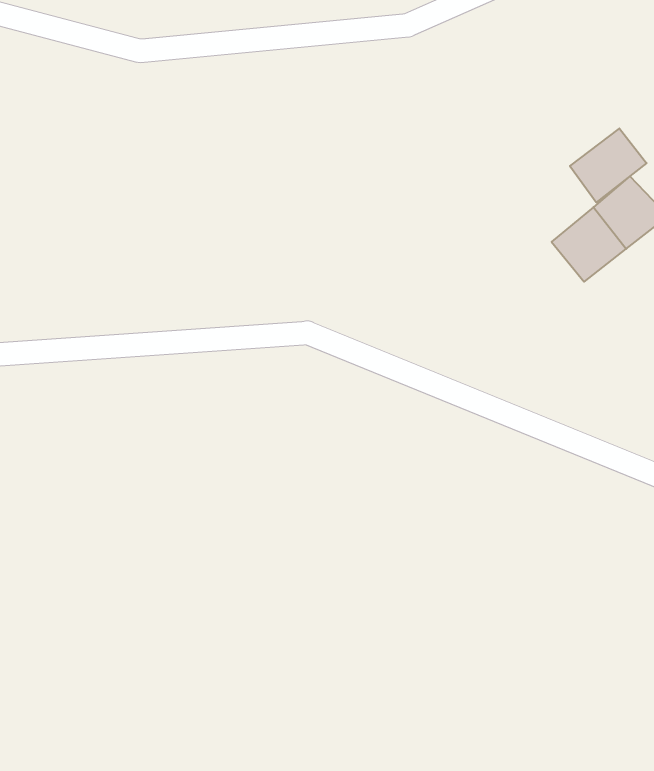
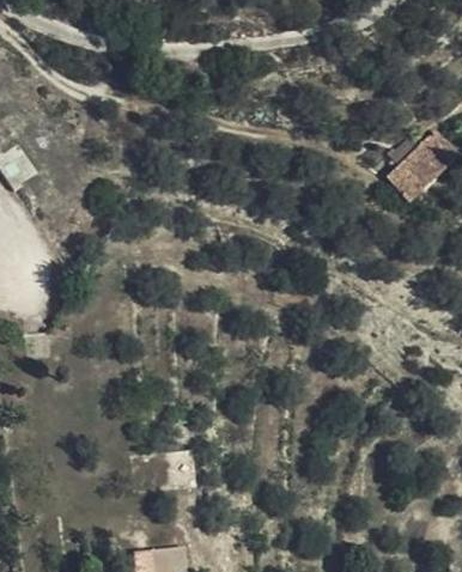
building: [570,128,647,202] -> none

